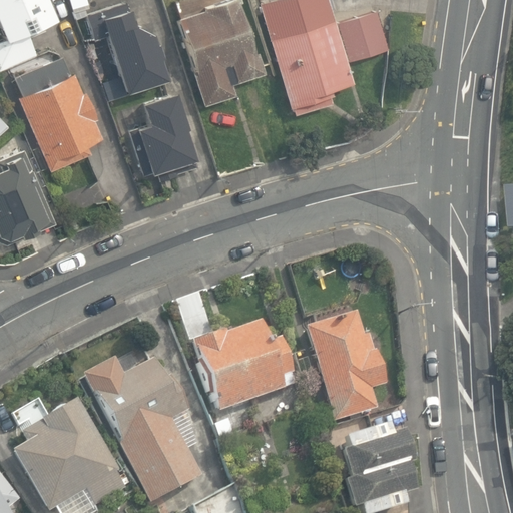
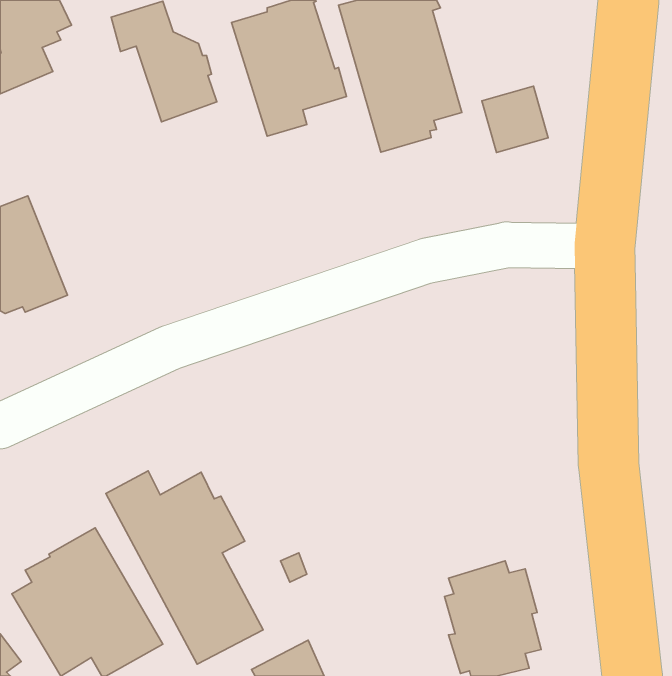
building: [339,10,389,60] -> [482,86,548,152]
building: [15,55,103,170] -> none
building: [129,90,194,174] -> none
building: [178,293,296,412] -> none
building: [307,313,386,421] -> none

